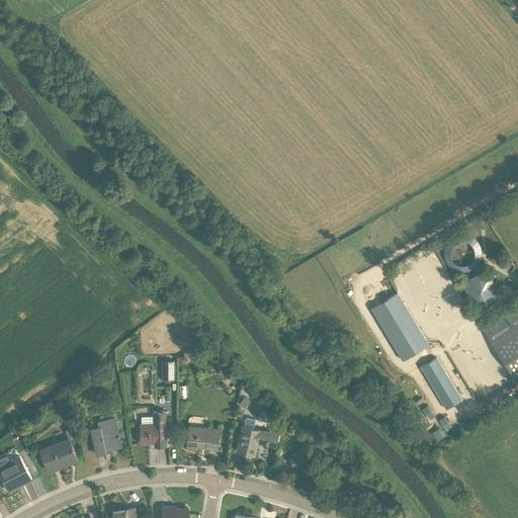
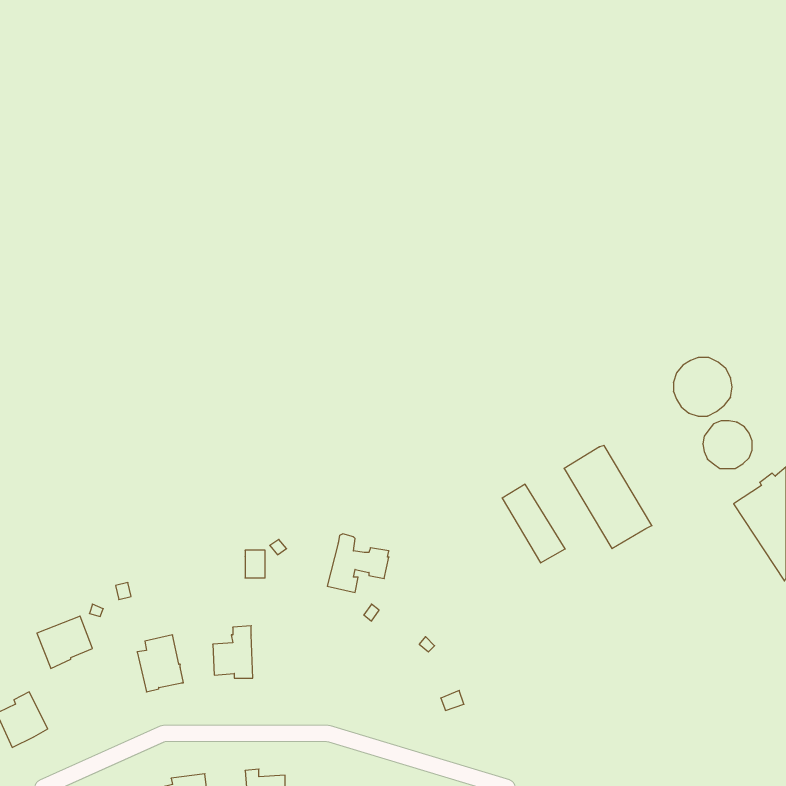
building: [420,358,461,410] -> [502,484,565,563]
building: [236,418,276,456] -> [327,534,389,592]
building: [187,426,219,449] -> none
building: [39,438,76,472] -> [37,616,92,668]

